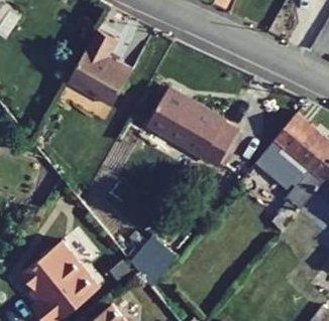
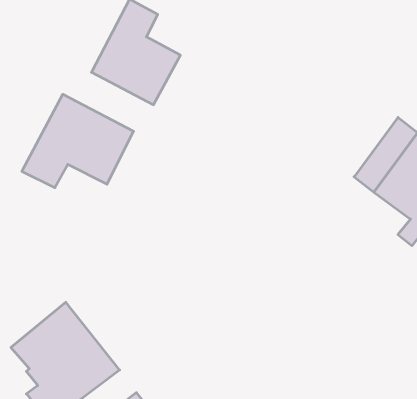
building: [150,88,240,162] -> none
building: none -> [22,94,134,188]

